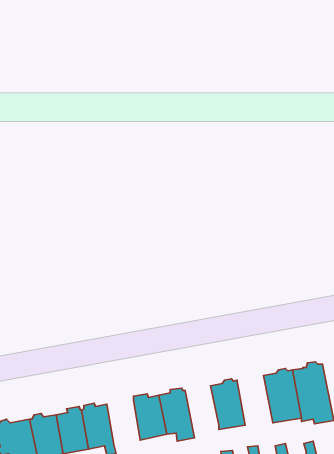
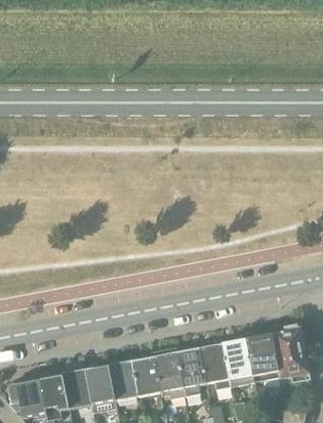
building: none -> [224,338,255,387]
building: none -> [177,348,207,395]
building: none -> [108,358,137,401]

